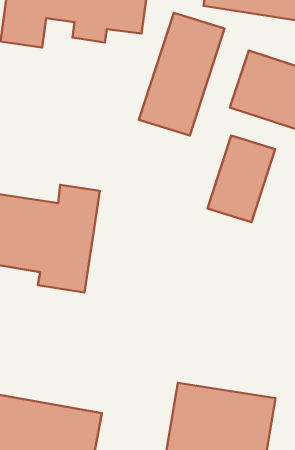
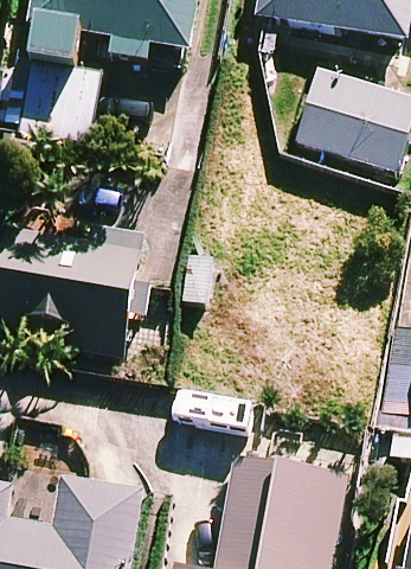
building: [139,13,225,136] -> none
building: [207,136,275,222] -> none

